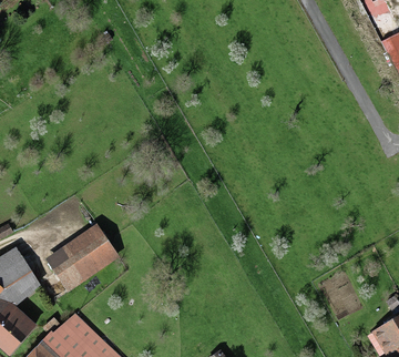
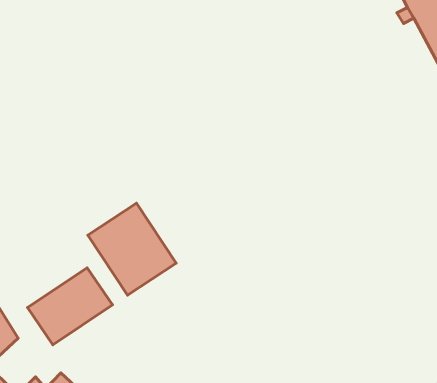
building: none -> [88,203,176,295]

